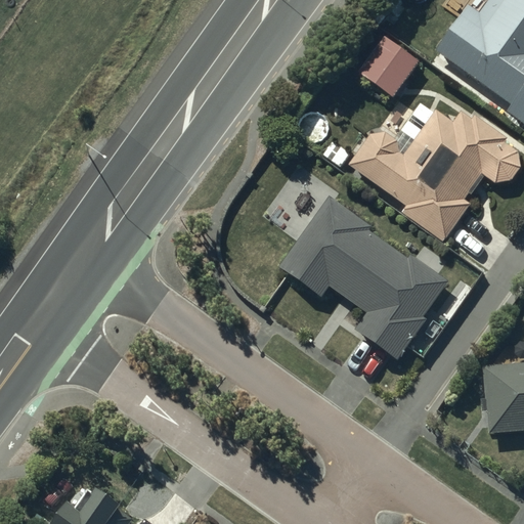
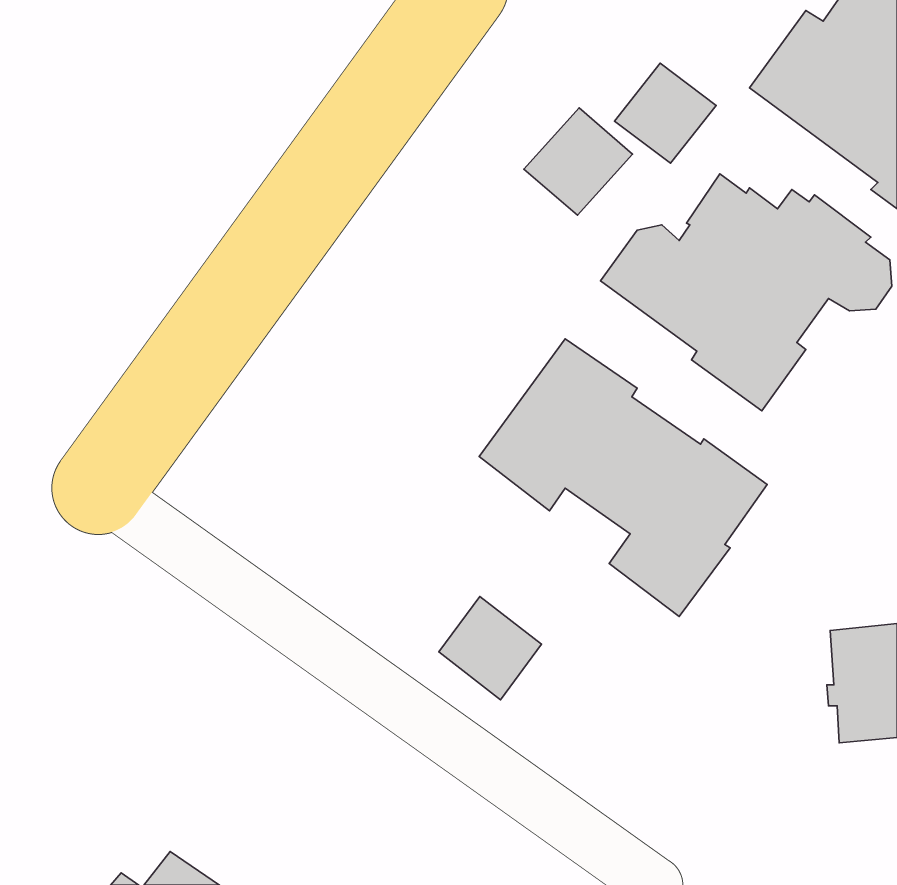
building: none -> [524,108,632,215]
building: none -> [439,596,542,700]

